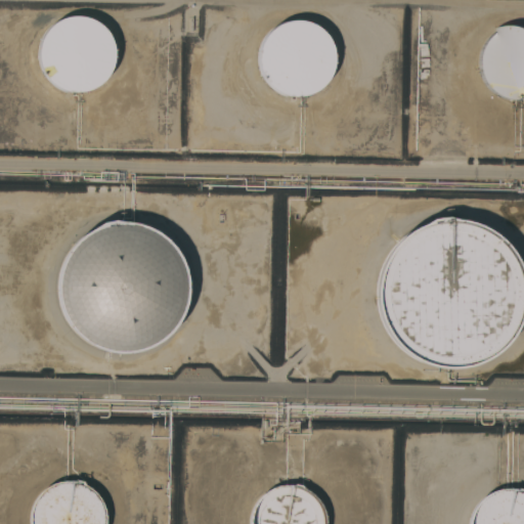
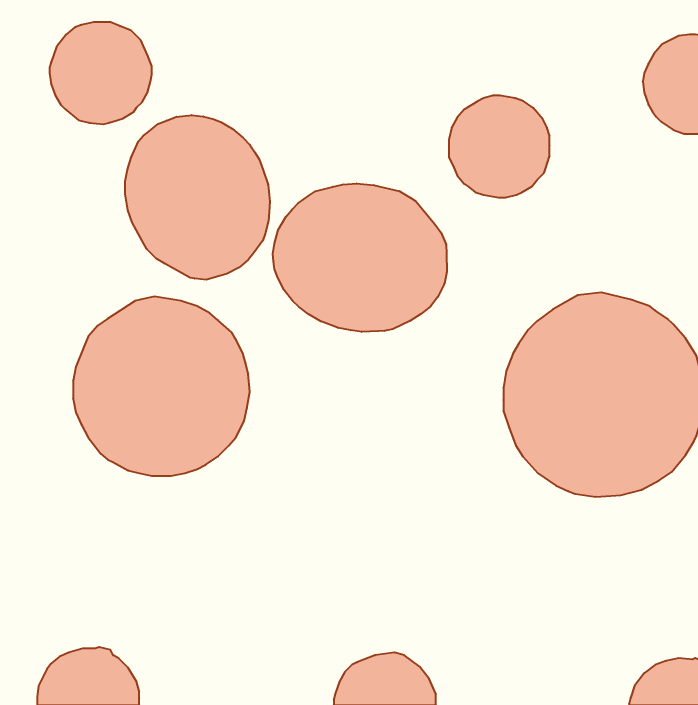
building: [262,20,337,96] -> [449,96,550,198]
building: none -> [125,115,270,280]
building: none -> [273,183,447,332]

